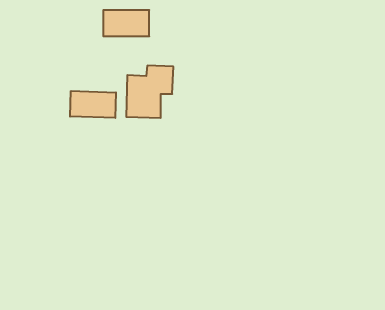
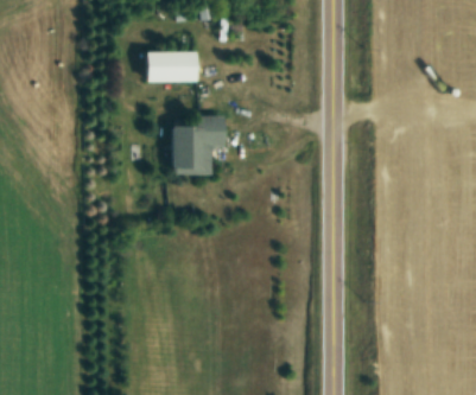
building: [70,91,116,118] -> none

